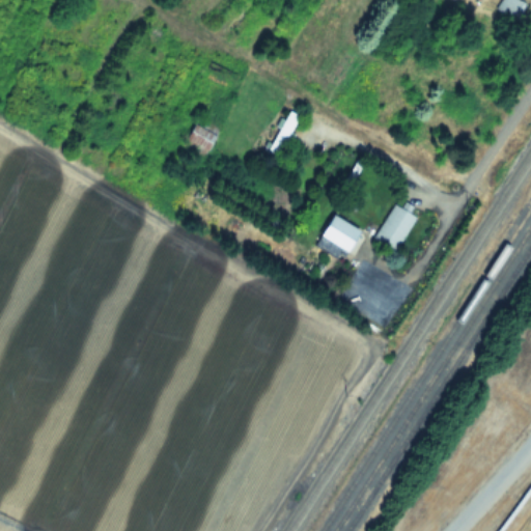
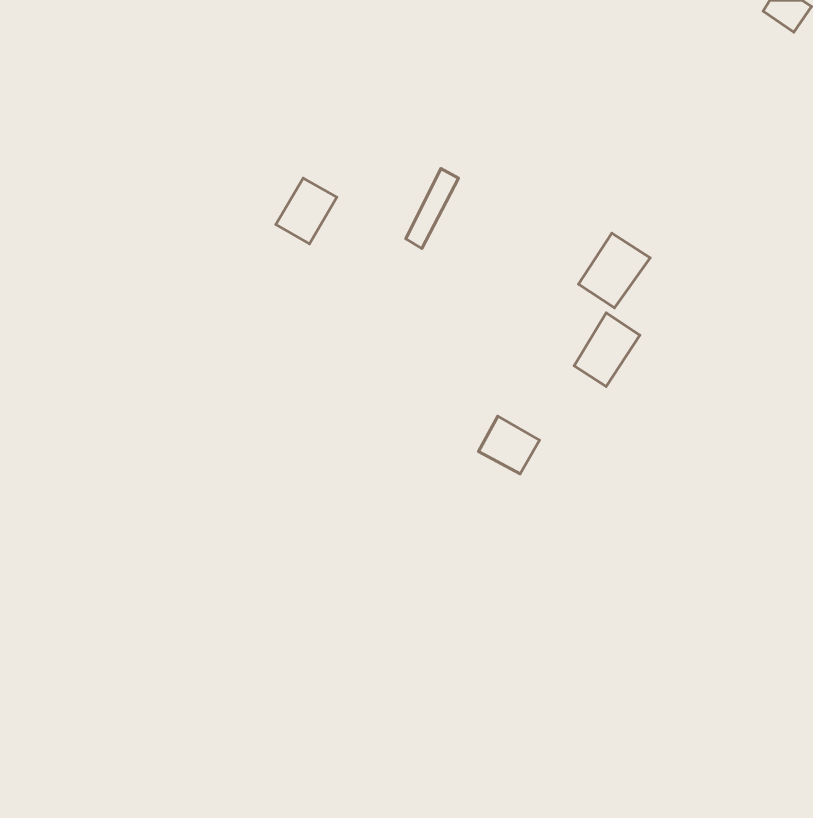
building: none -> [579,233,650,308]
building: [322,215,361,252] -> [478,416,539,474]

